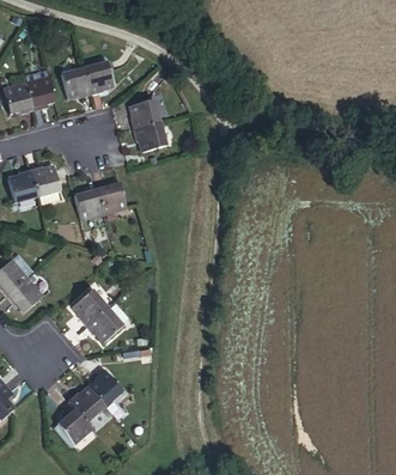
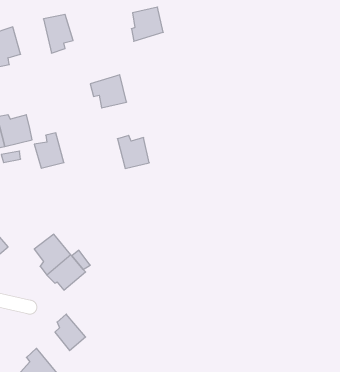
building: [57,60,91,98] -> none
building: [129,92,163,128] -> [131,7,163,41]
building: [96,176,129,211] -> [117,135,149,168]
building: [71,389,110,424] -> none

